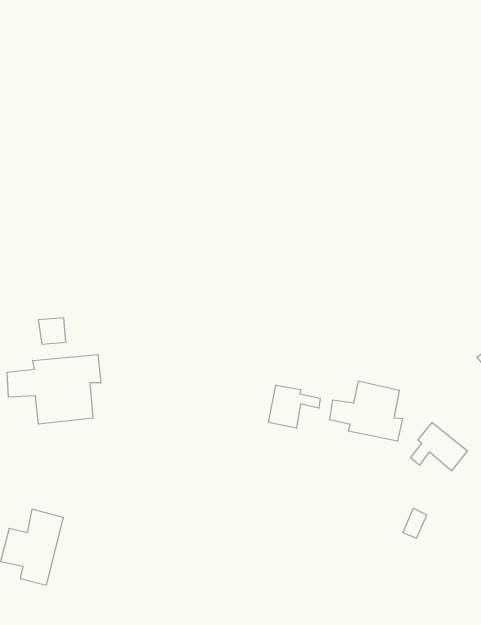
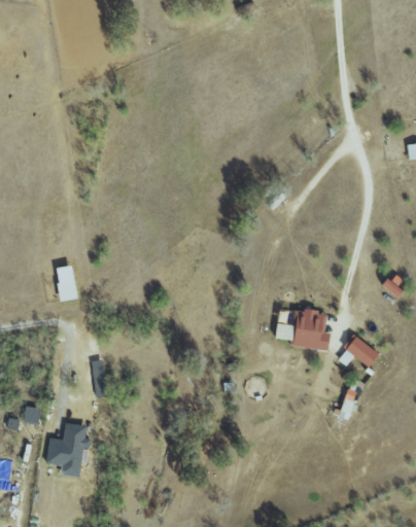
building: [7,355,101,424] -> none
building: [268,385,320,428] -> none

